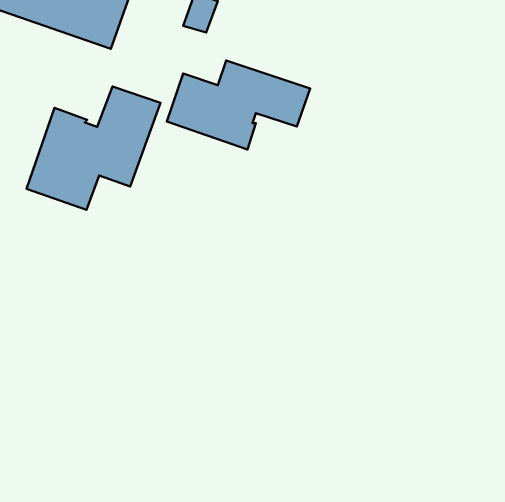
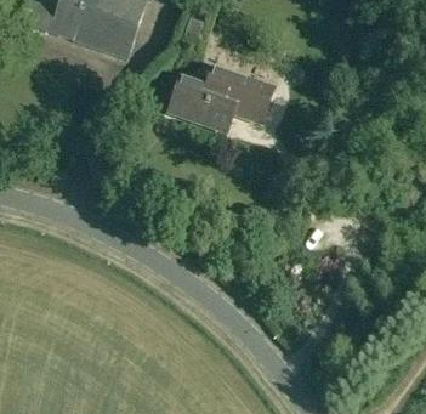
building: [26,86,160,210] -> none

